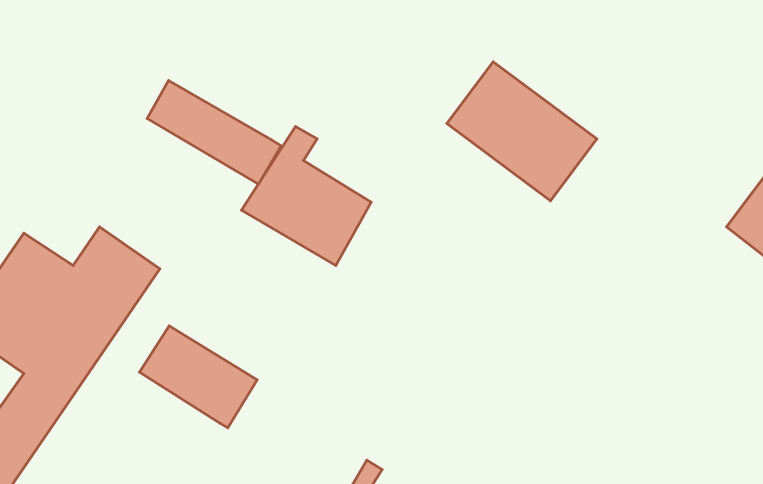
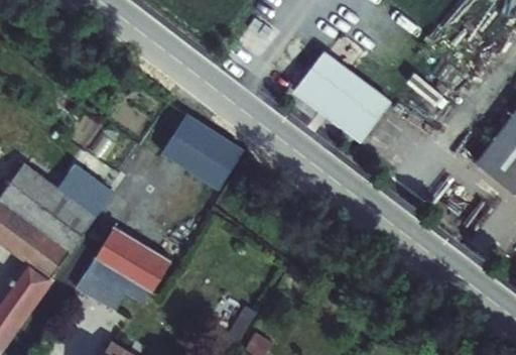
building: [147,81,281,184] -> none
building: none -> [75,257,147,310]

